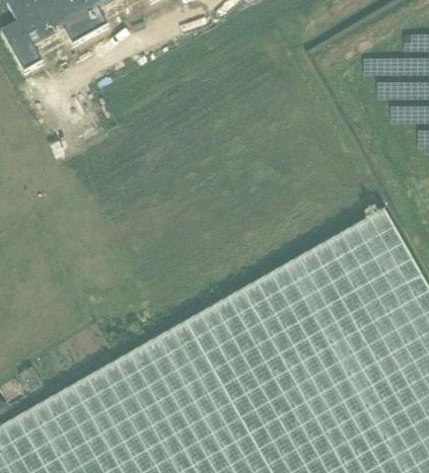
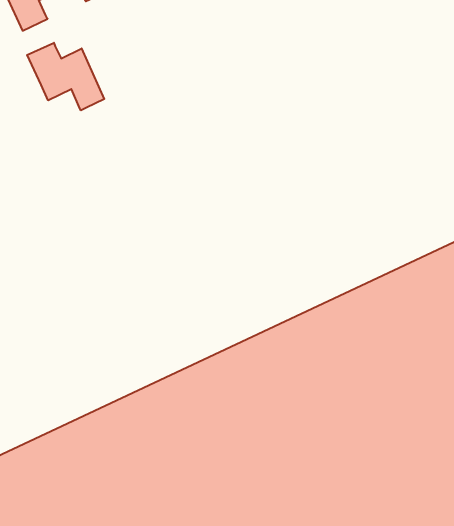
building: none -> [27,43,104,110]

